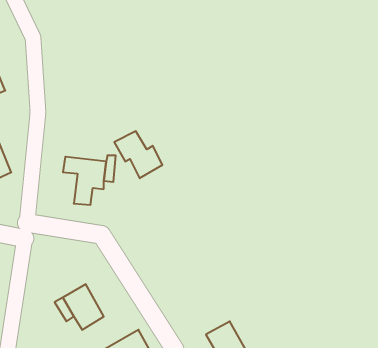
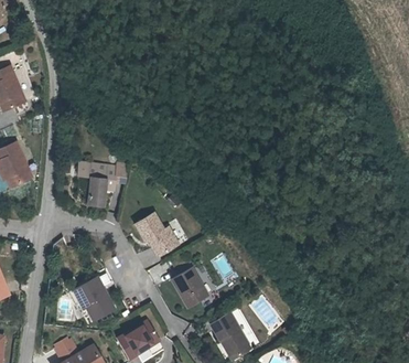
building: [114,131,162,178] -> [134,211,179,254]
building: none -> [172,267,208,306]

